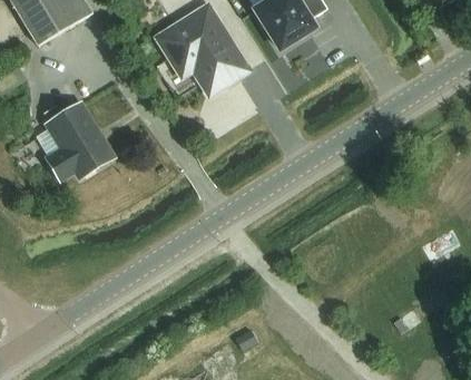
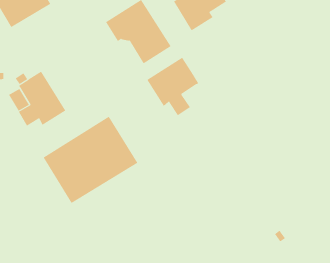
building: none -> [146,57,199,116]
building: none -> [43,116,138,204]

